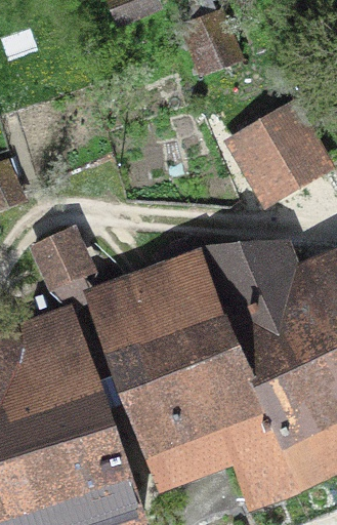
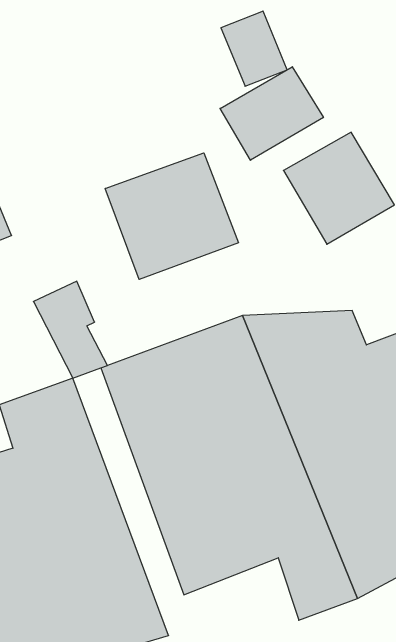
building: none -> [220,67,323,160]
building: none -> [105,153,238,279]

